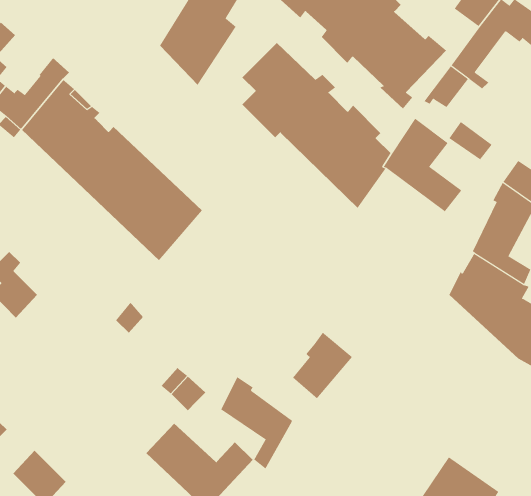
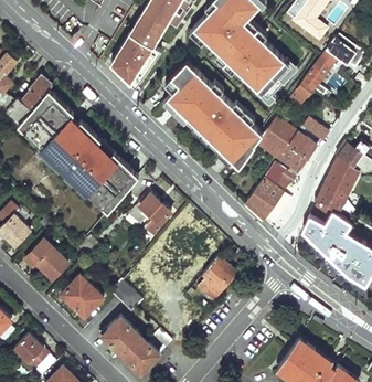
building: none -> [287,131,320,162]
building: none -> [244,163,296,222]
building: none -> [127,191,170,230]
building: none -> [25,241,67,279]
building: none -> [61,274,103,317]
building: [221,376,293,470] -> none

